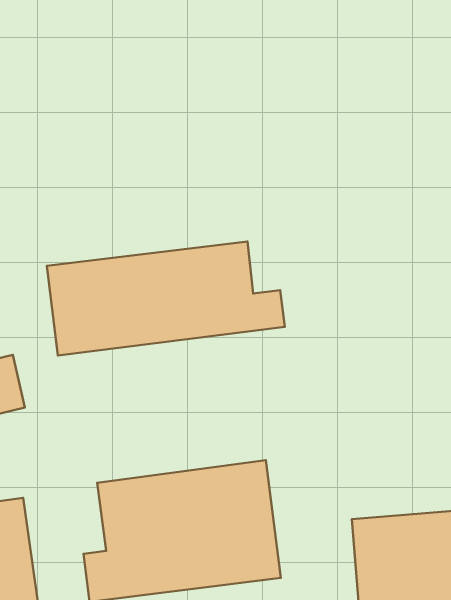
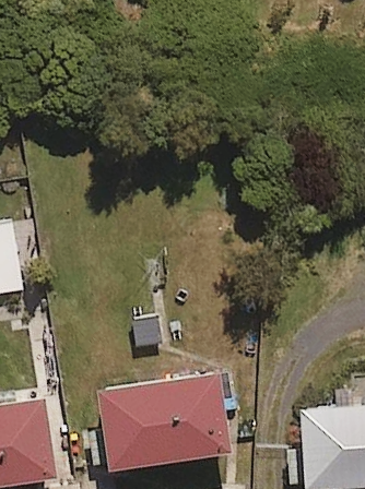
building: [47,242,285,356] -> none

